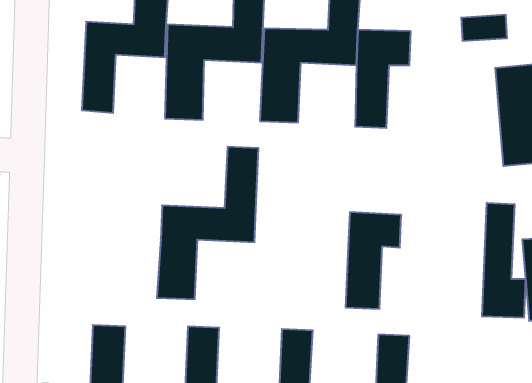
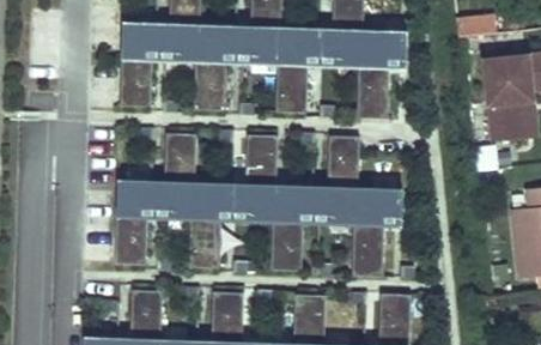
building: none -> [113,131,192,262]
building: none -> [269,134,358,268]
building: [482,203,526,318] -> none

